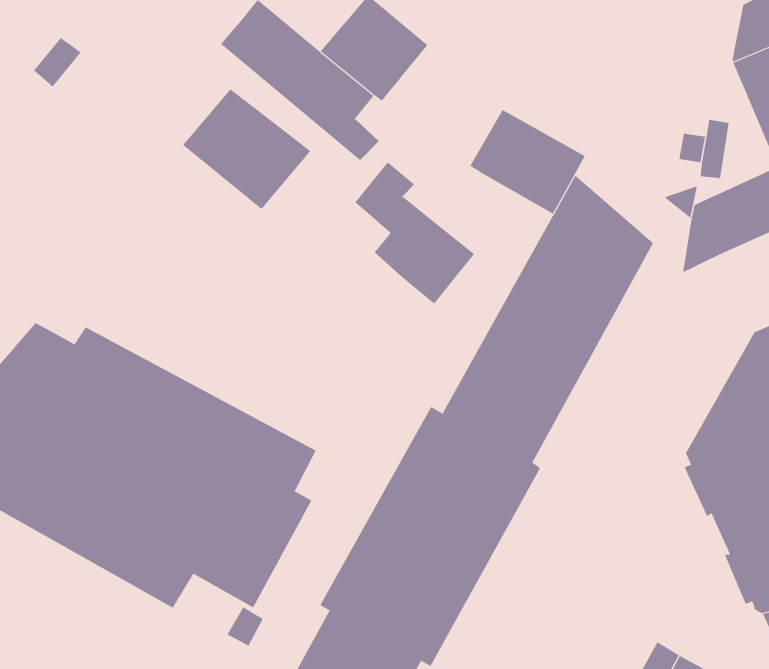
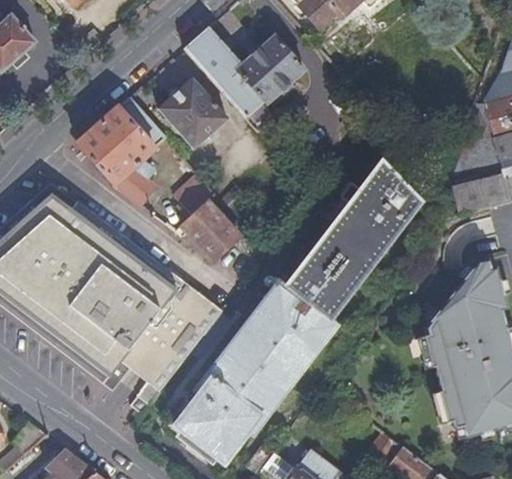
building: [469,109,585,214] -> none
building: none -> [78,97,167,205]
building: [354,161,475,304] -> [176,173,242,261]

